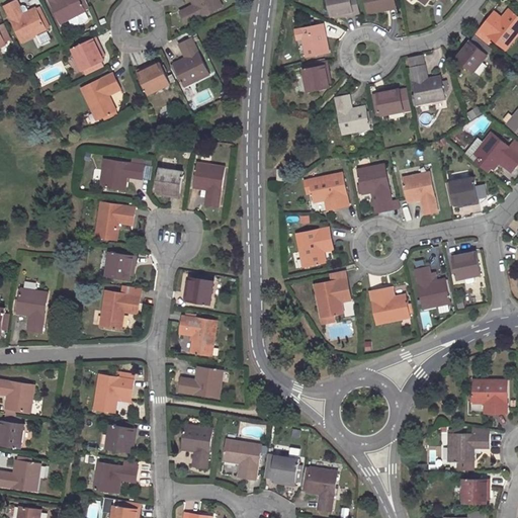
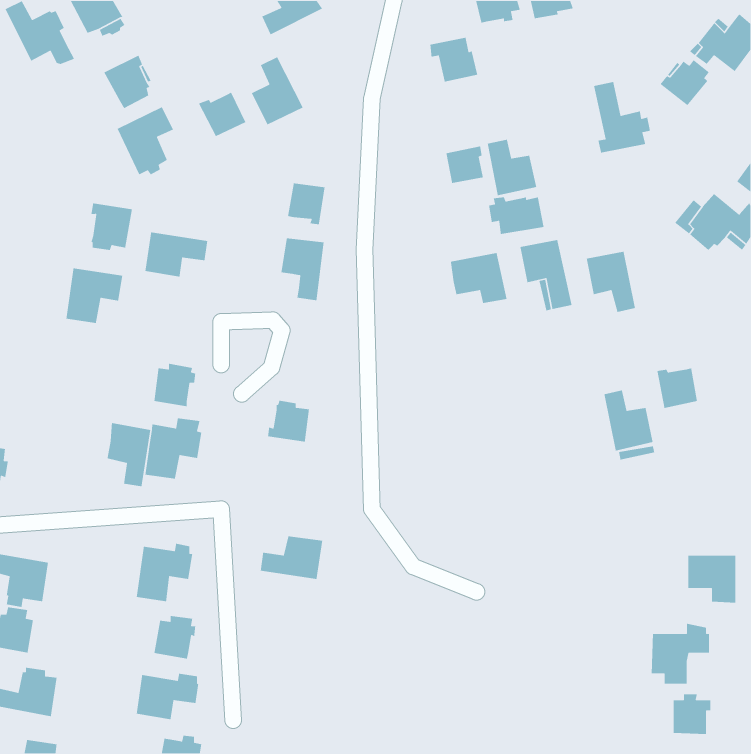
building: [301,65,328,91] -> [446,145,484,184]
building: [371,89,410,115] -> [488,196,544,235]
building: none -> [90,202,133,251]
building: [155,168,181,197] -> [287,183,326,225]
building: [444,177,477,206] -> none
building: [94,201,134,240] -> [66,268,123,324]
building: [294,227,331,267] -> none
building: [313,271,348,318] -> none
building: [16,287,47,332] -> [107,422,151,487]
building: [368,288,408,325] -> none
building: [179,314,215,355] -> none
building: [181,424,211,468] -> none
building: [222,439,260,480] -> none
building: [270,456,299,486] -> none
building: [301,467,336,512] -> none

